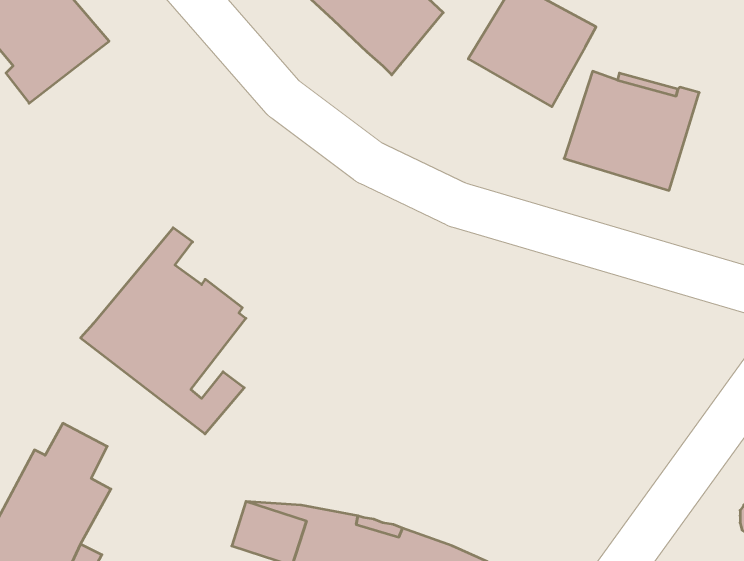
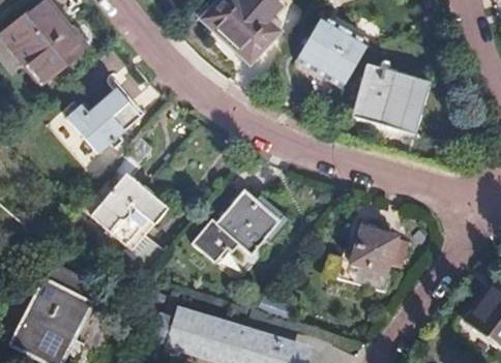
building: none -> [68,84,148,154]
building: none -> [189,187,293,261]
building: none -> [336,228,395,296]

